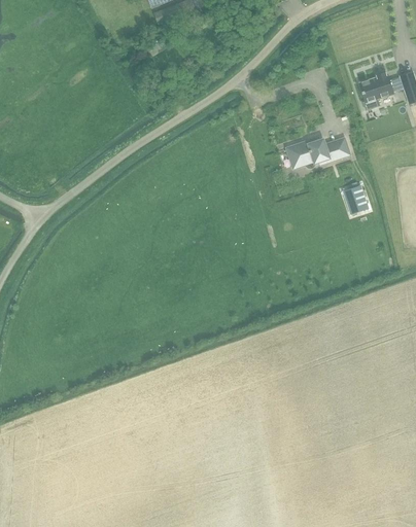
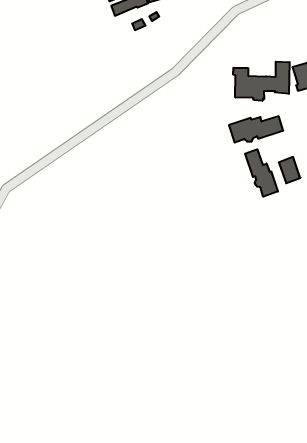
building: none -> [233,62,290,101]
building: none -> [245,149,278,197]

